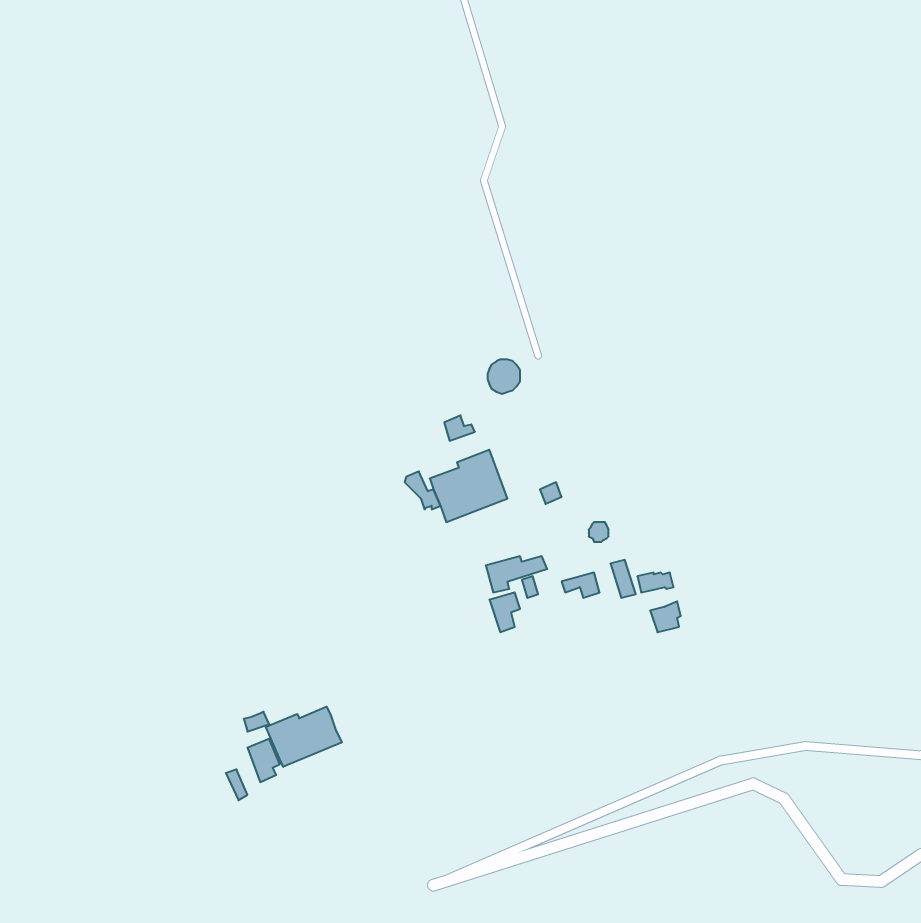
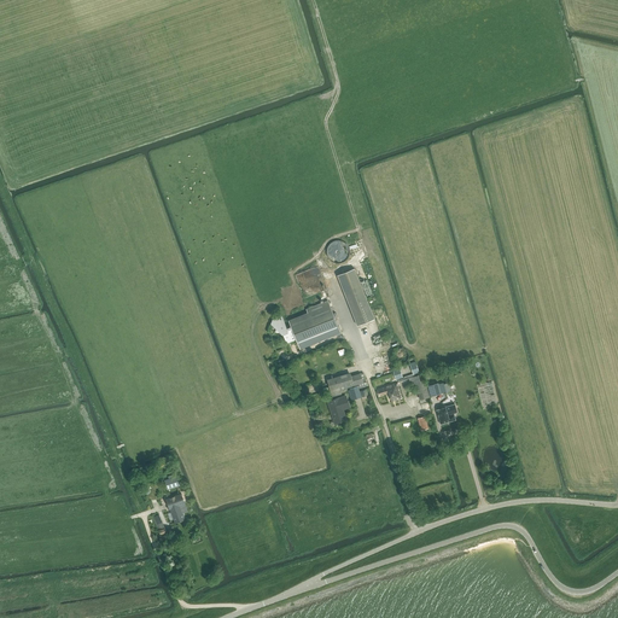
building: none -> [336,268,373,326]
building: [266,707,342,767] -> none

